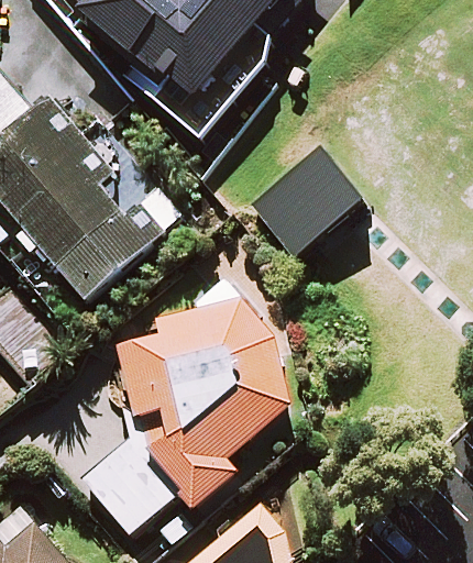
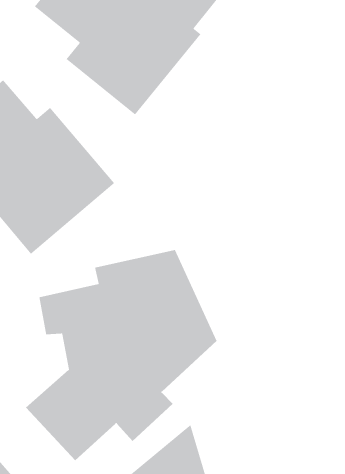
building: [252,151,362,256] -> none

